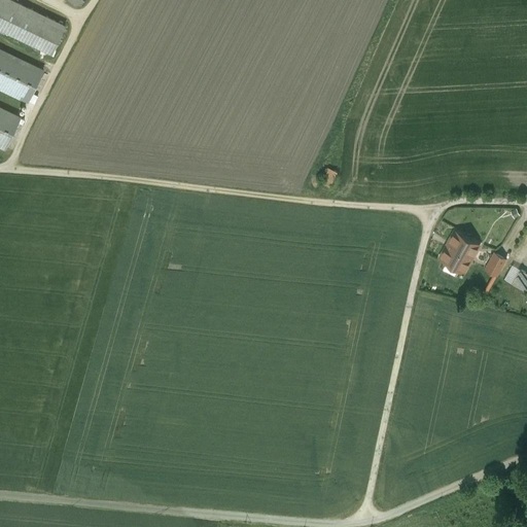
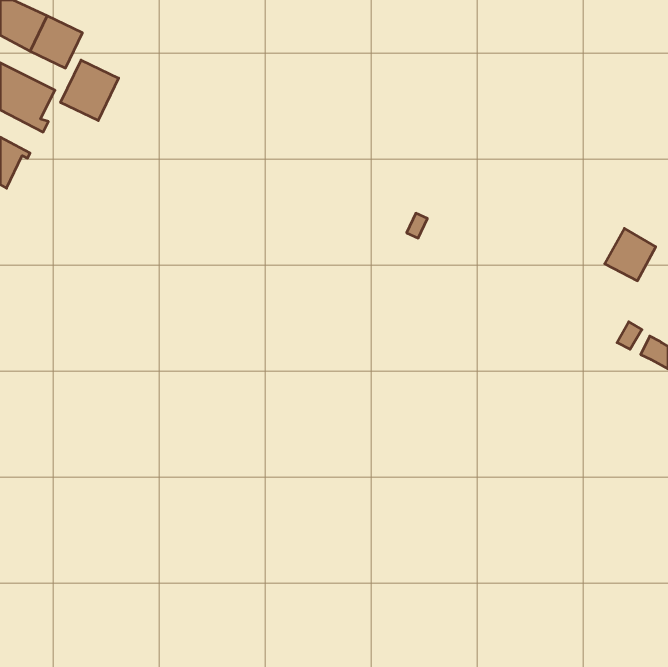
building: none -> [61,60,119,121]
building: [440,232,480,273] -> [605,228,656,281]

